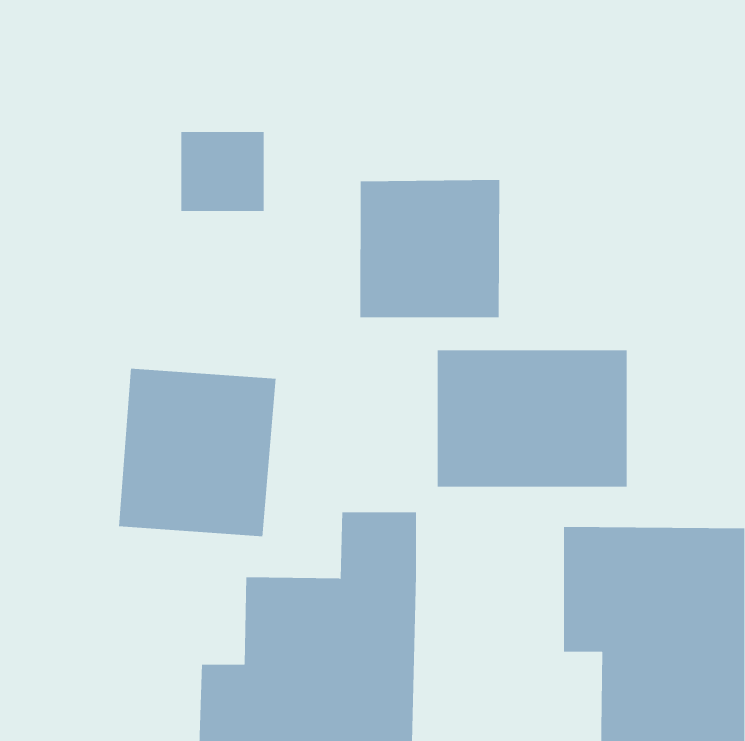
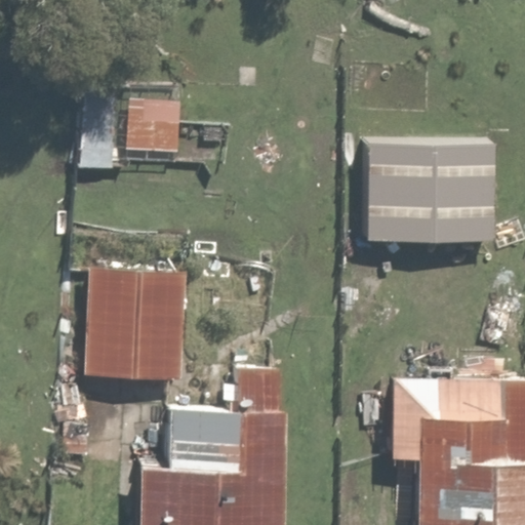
building: [360,179,500,318] -> none
building: [437,350,628,487] -> [365,147,497,242]

